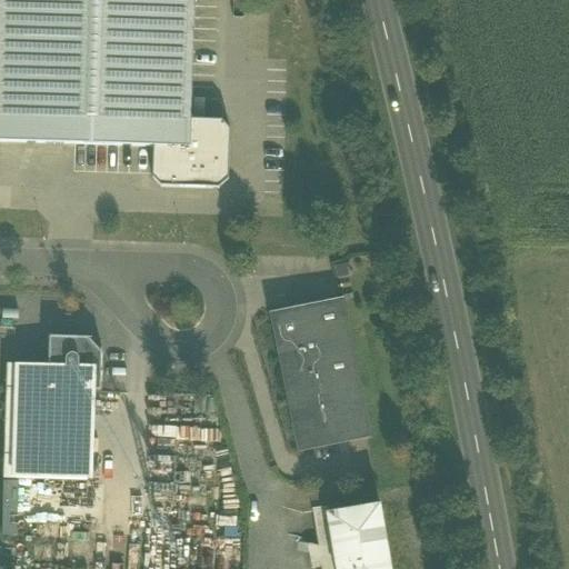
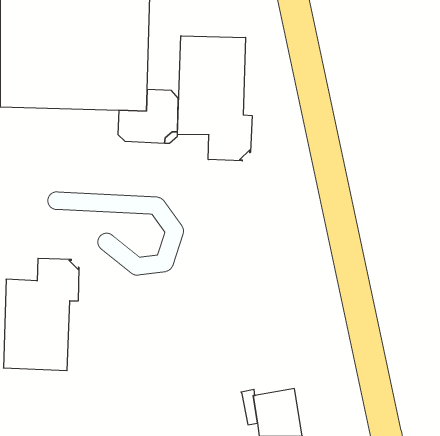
building: none -> [177,36,252,161]
building: [276,300,366,441] -> none

